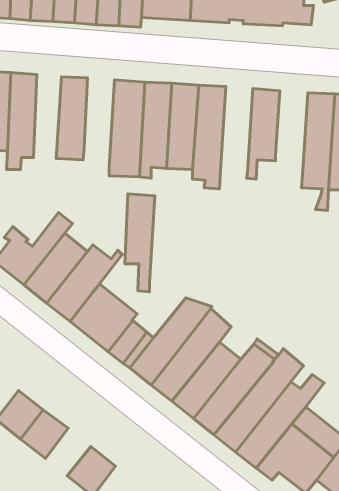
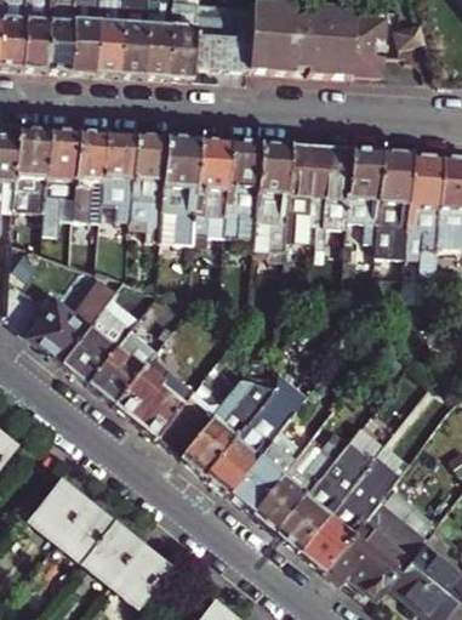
building: none -> [75,129,107,223]
building: none -> [285,142,321,239]
building: none -> [347,147,383,241]
building: [125,194,155,292] -> [132,132,166,243]
building: none -> [89,527,139,580]

